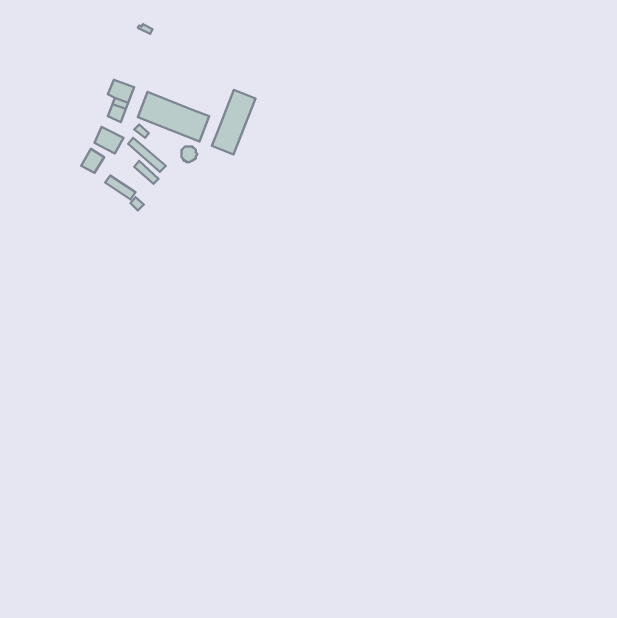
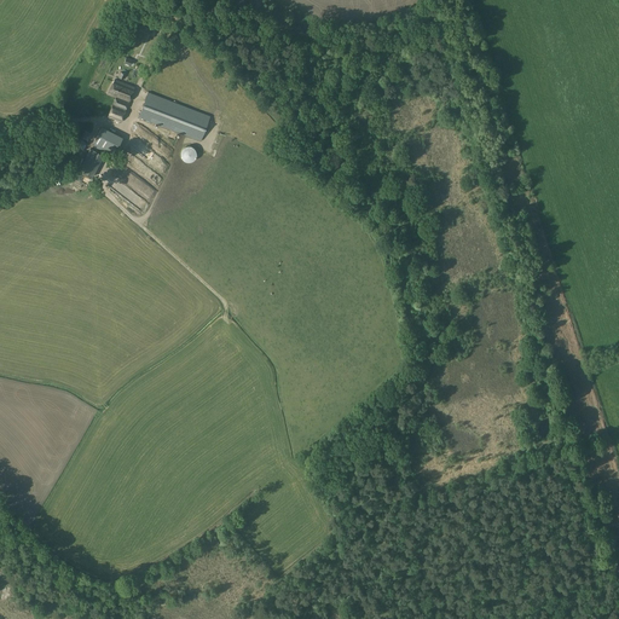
building: [212,90,256,155] -> none

